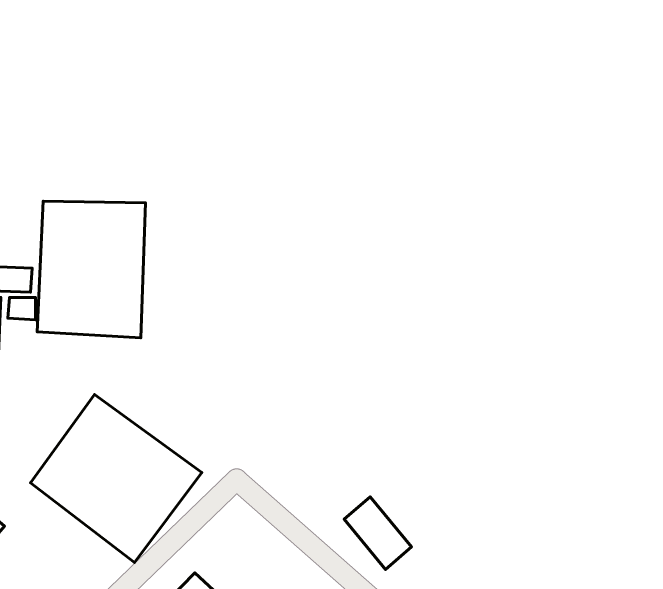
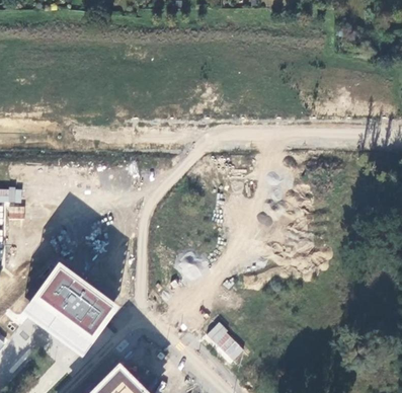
building: [37,201,145,338] -> none

